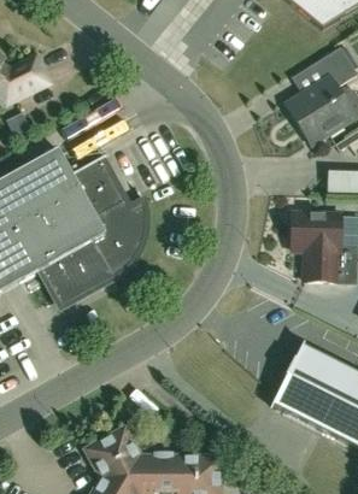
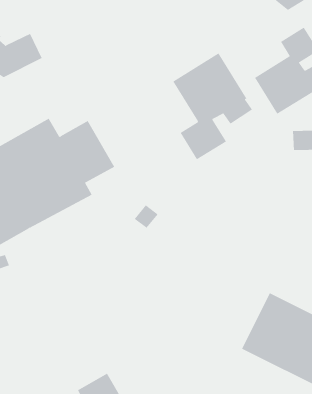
building: none -> [173,52,253,160]
building: [36,193,151,311] -> none
building: [292,212,341,281] -> none

